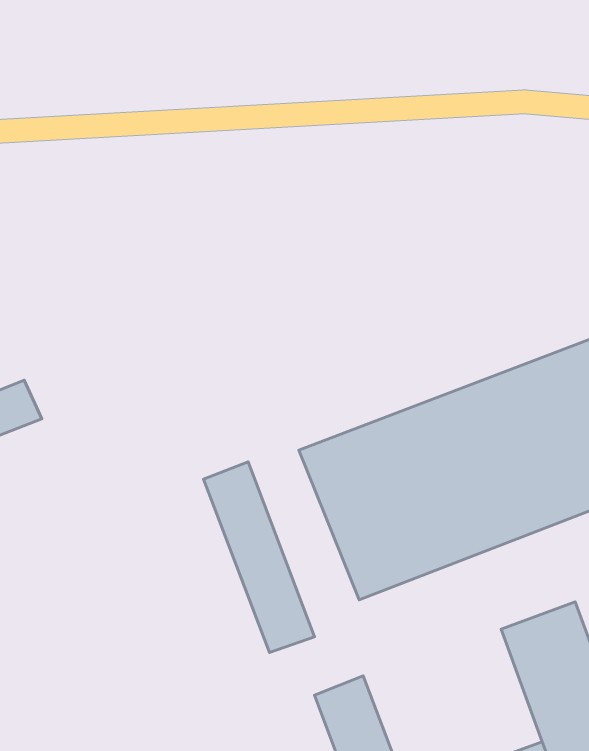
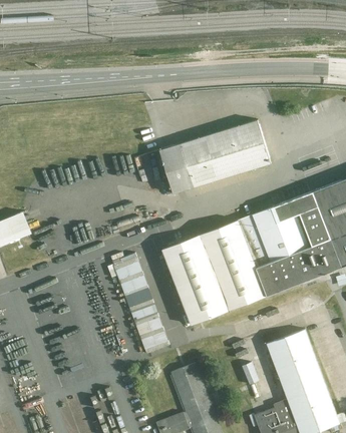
building: none -> [158,118,273,196]

